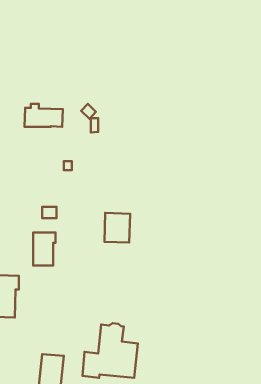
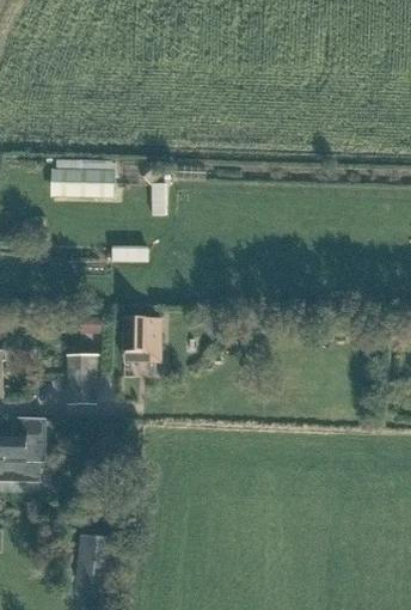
building: [104,213,130,243] -> [122,315,160,359]
building: [82,323,138,378] -> none

